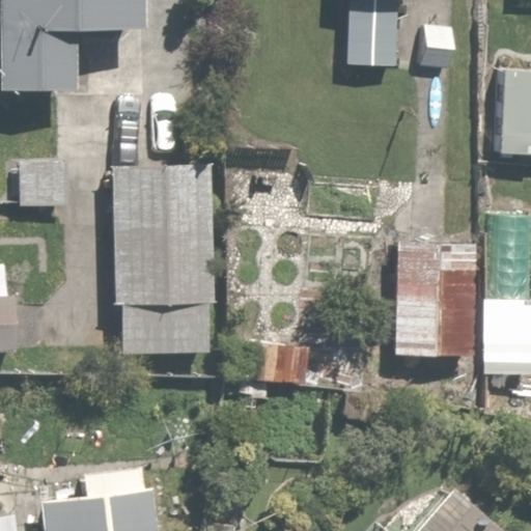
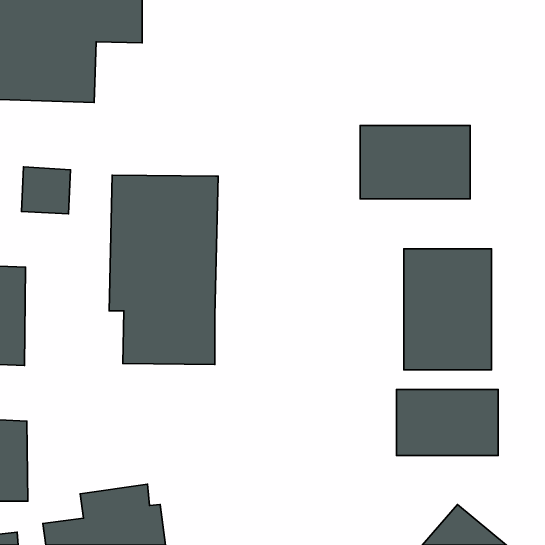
building: none -> [360,126,470,199]
building: none -> [396,390,498,456]

